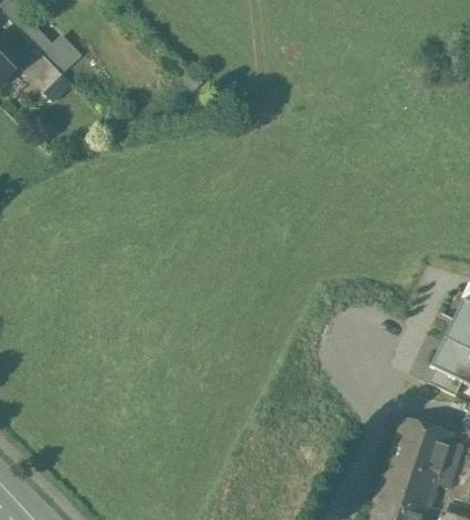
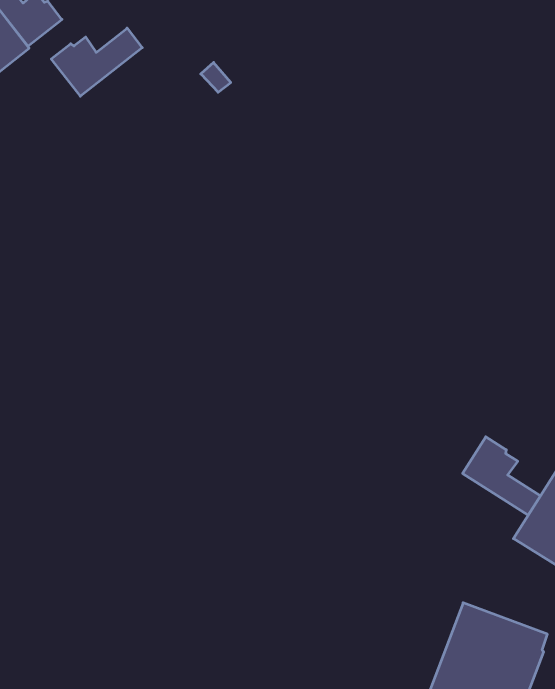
building: none -> [51,28,142,96]
building: none -> [463,437,540,515]

